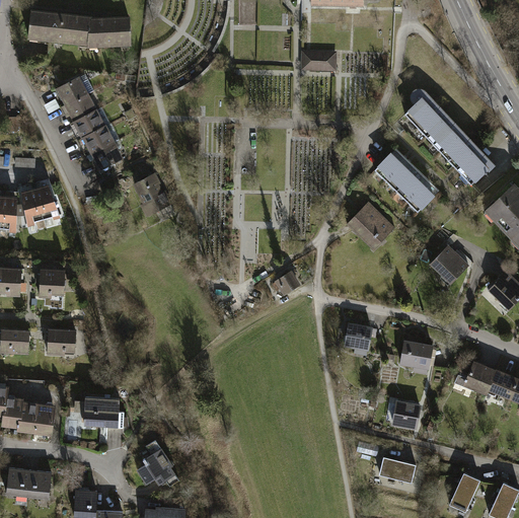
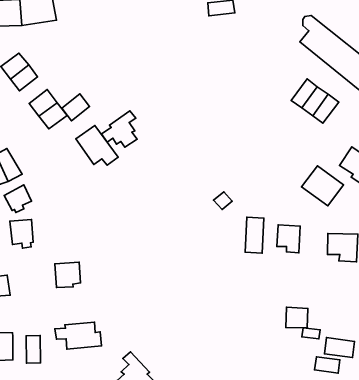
building: [73,108,105,138] -> [62,94,90,121]
building: [374,147,406,179] -> none
building: none -> [101,111,137,147]
building: [346,202,394,249] -> [301,166,343,206]
building: none -> [4,185,31,213]
building: none -> [245,217,264,253]
building: [46,328,76,358] -> [55,262,80,287]
building: [392,401,421,429] -> [286,307,308,328]
building: [19,402,39,436] -> none
building: none -> [315,357,340,373]

